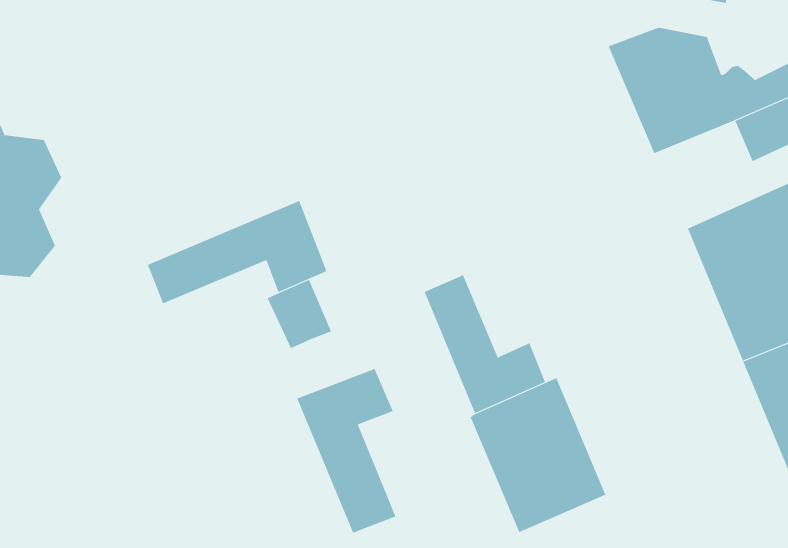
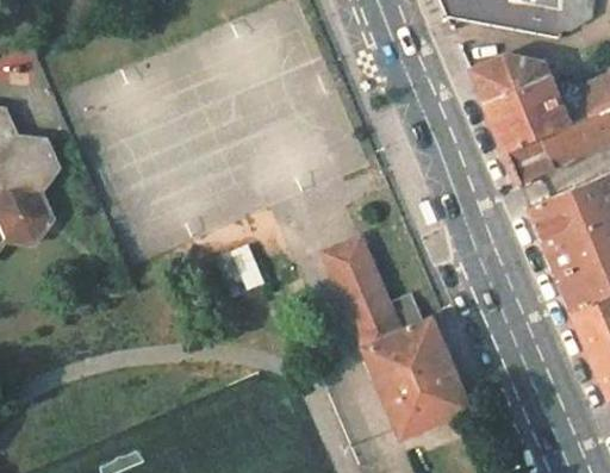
building: none -> [503,125,577,185]
building: [147,200,327,304] -> none
building: [297,368,396,534] -> none

